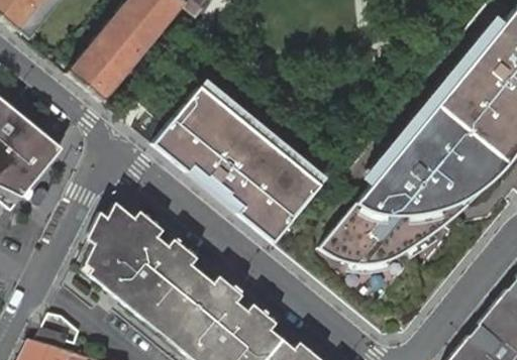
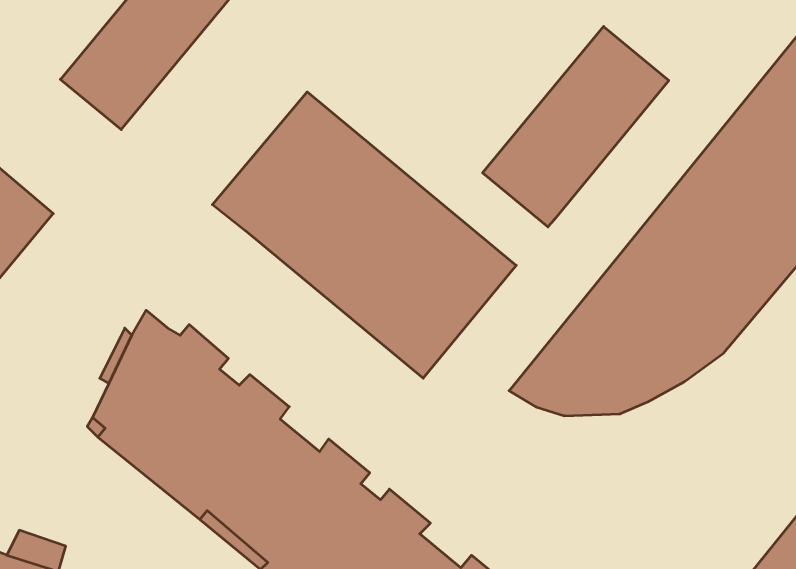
building: none -> [483,26,669,227]

